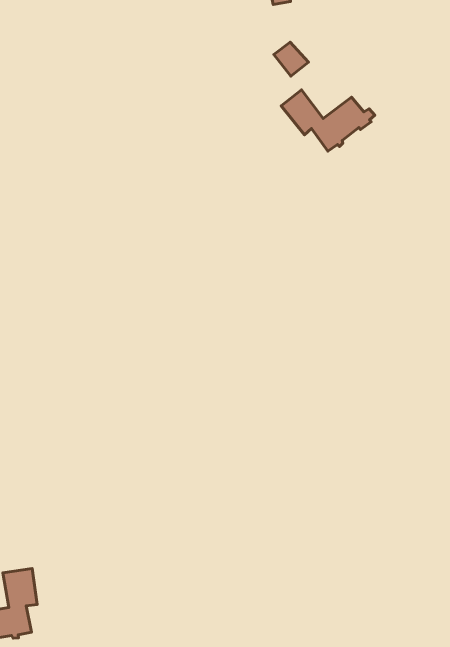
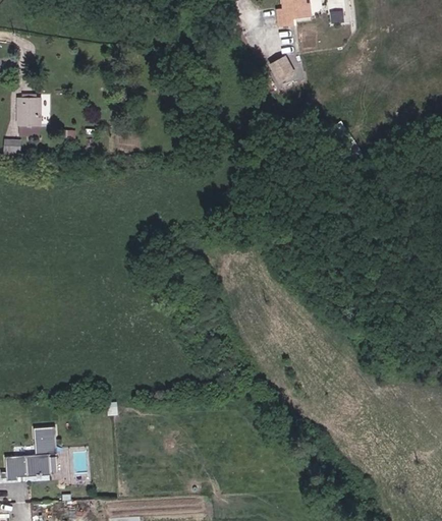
building: [281,90,375,151] -> none

